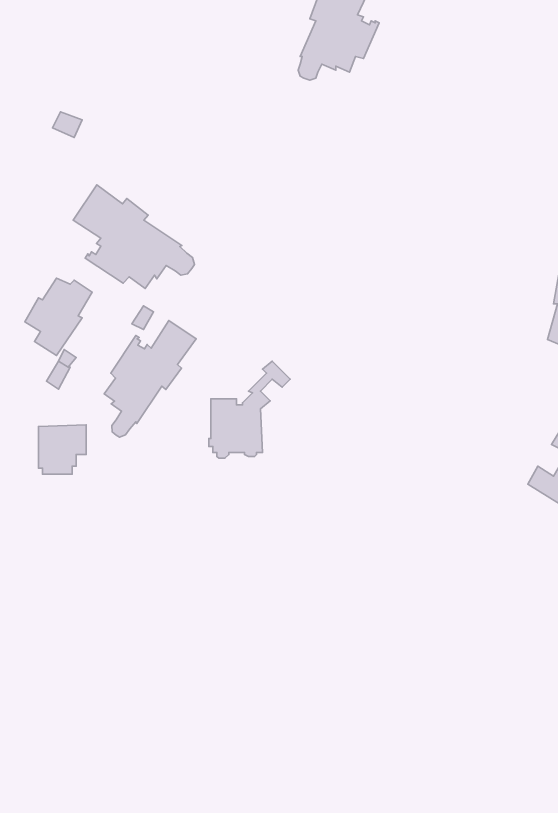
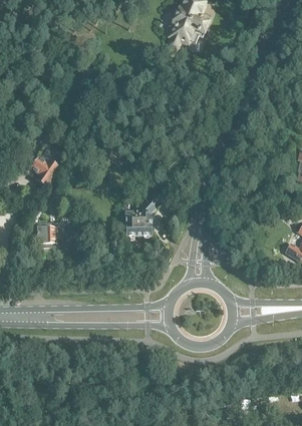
building: [73,185,194,289] -> none
building: [104,321,196,437] -> none

